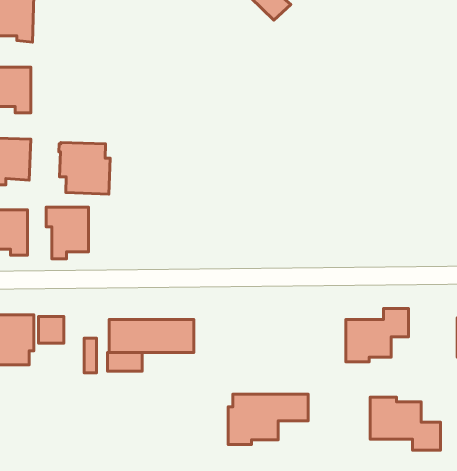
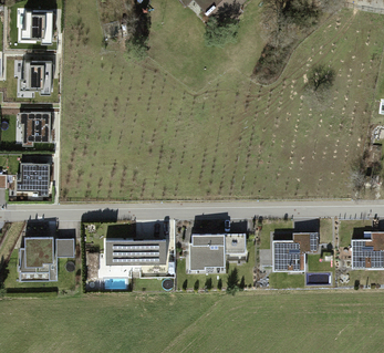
building: [59,142,110,194] -> none
building: [46,207,89,259] -> none
building: [228,394,308,444] -> [189,233,246,269]
building: [370,397,440,450] -> none

